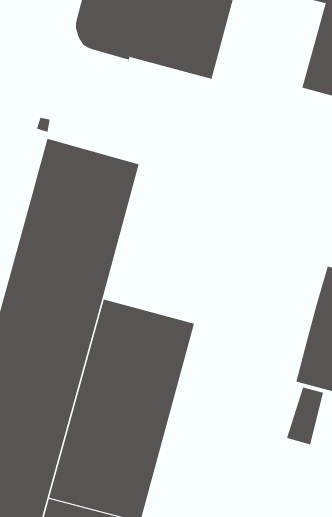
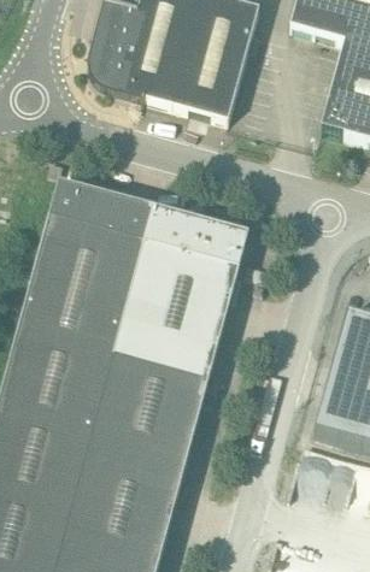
building: none -> [117,204,249,367]

